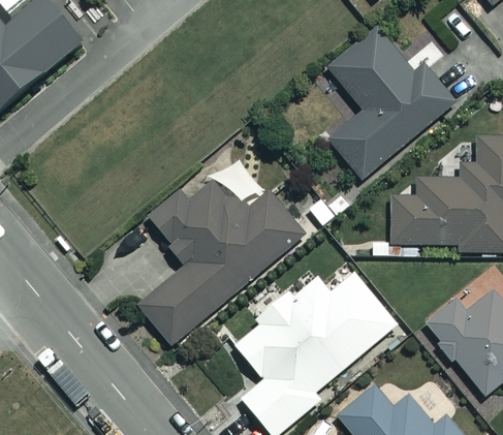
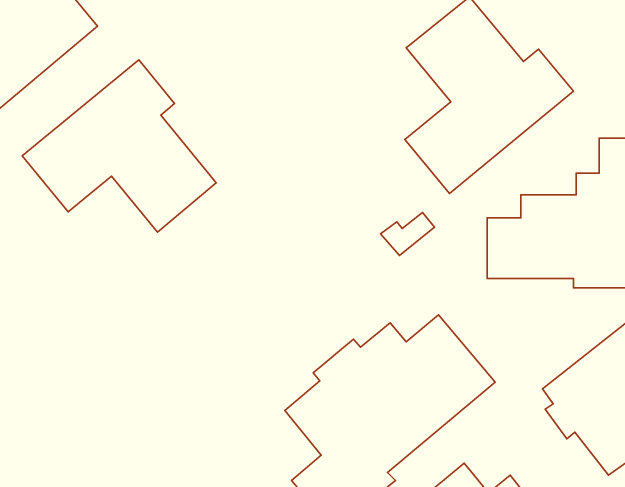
building: none -> [22,60,216,232]
building: [138,172,306,343] -> none

